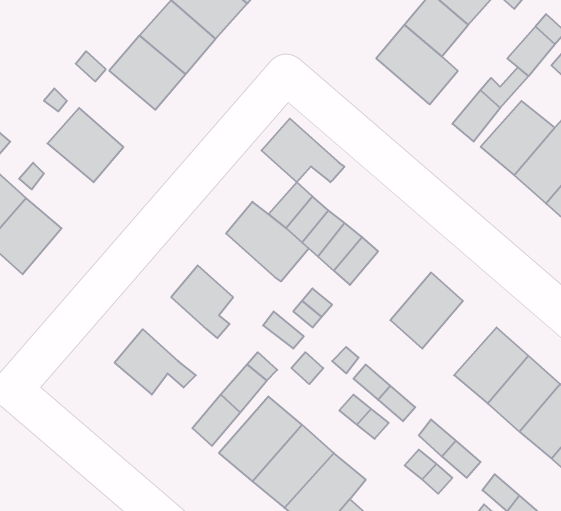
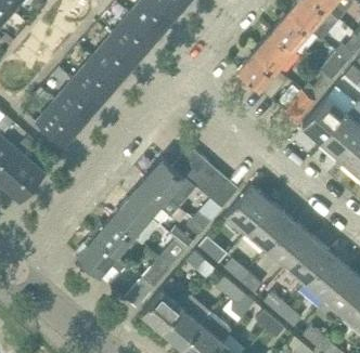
building: none -> [55,79,102,126]
building: [261,119,344,182] -> [128,179,179,218]
building: none -> [226,185,271,232]
building: none -> [90,218,133,257]
building: none -> [266,220,311,265]

